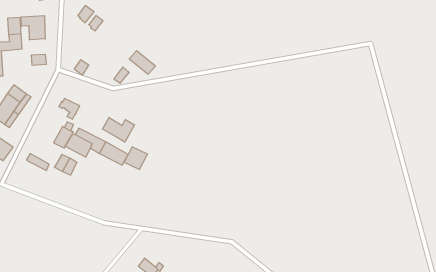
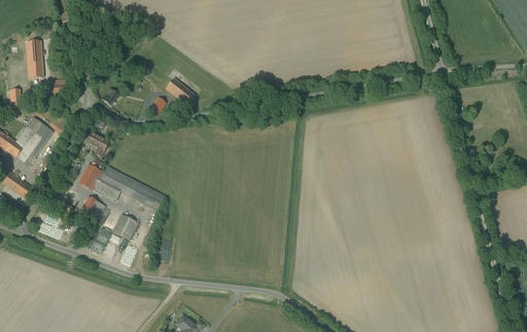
building: [21,16,45,40] -> none
building: [103,117,134,142] -> none
building: [124,147,148,169] -> [112,214,139,239]

